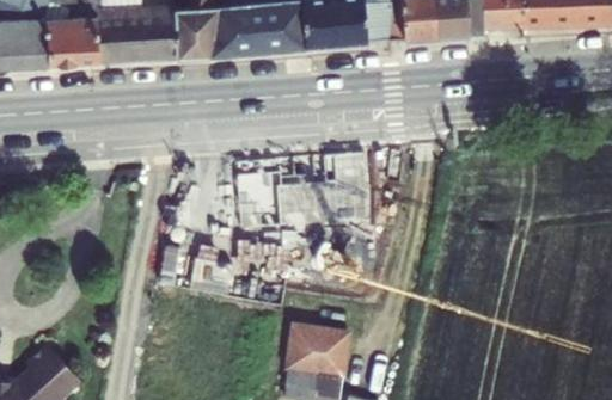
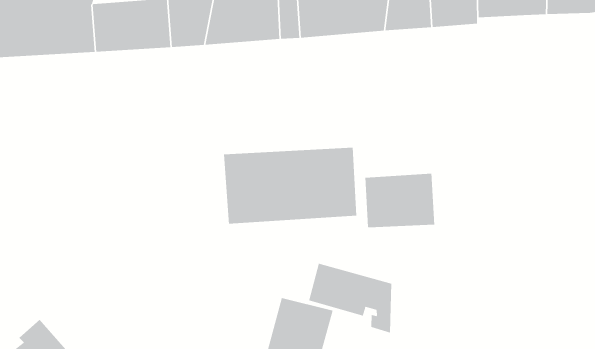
building: none -> [365,173,435,228]
building: none -> [308,263,392,333]

